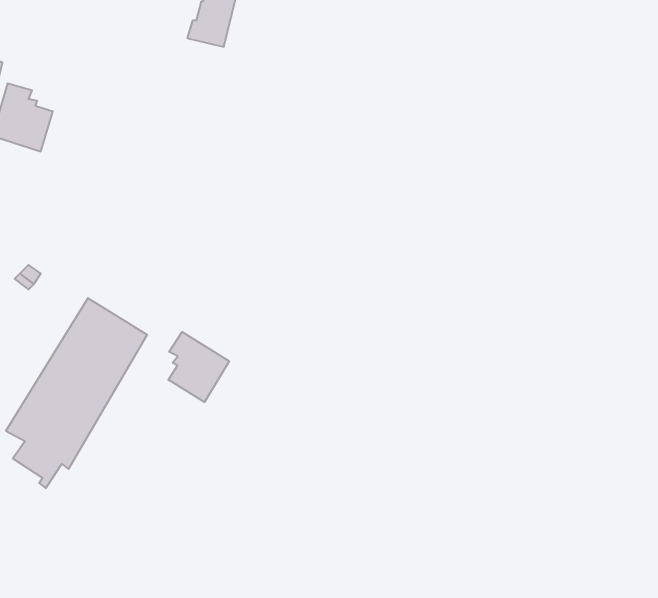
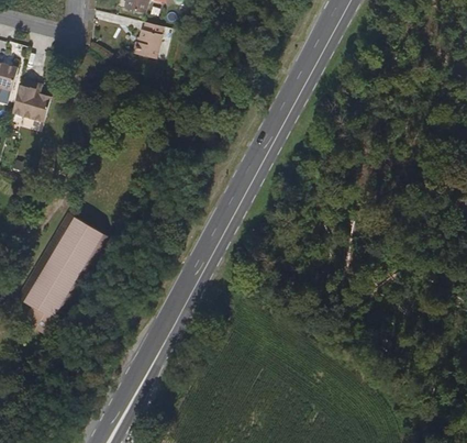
building: [168,332,229,402] -> none

